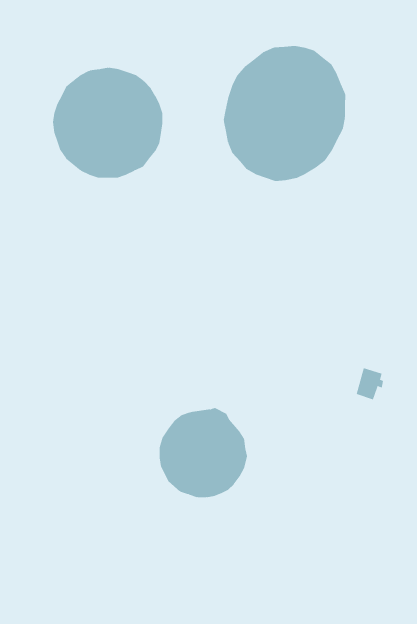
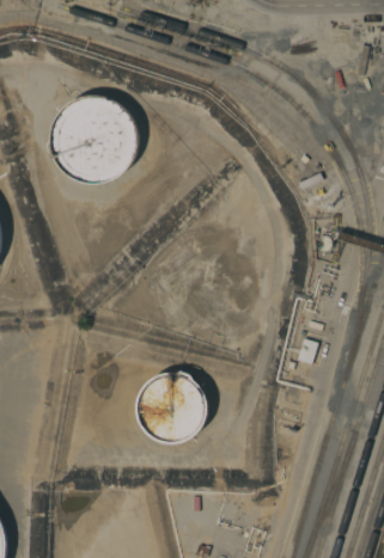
building: [223,45,346,182] -> none

